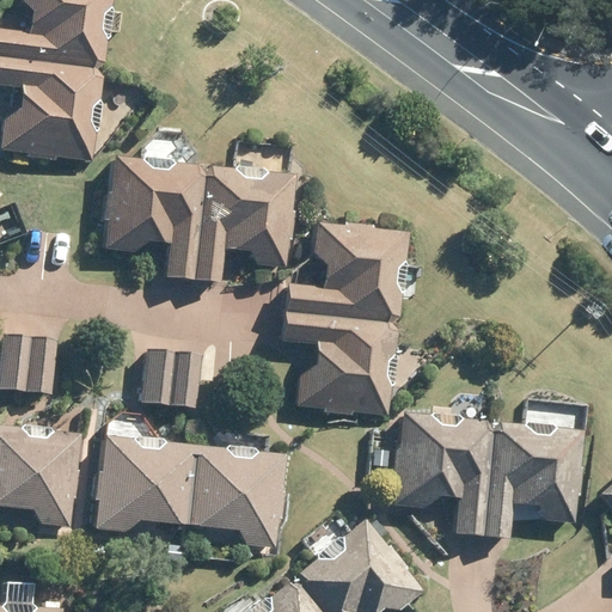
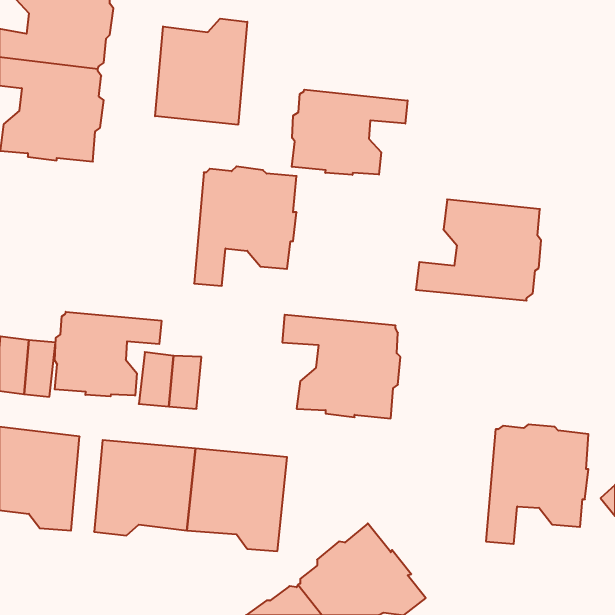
building: none -> [155,19,247,125]
building: none -> [292,90,408,175]
building: [103,157,202,281] -> none
building: [282,222,406,323] -> [416,199,541,301]
building: none -> [55,312,161,396]
building: [392,412,491,537] -> none

